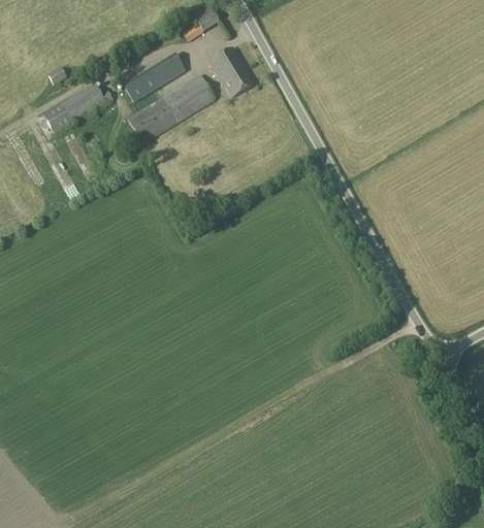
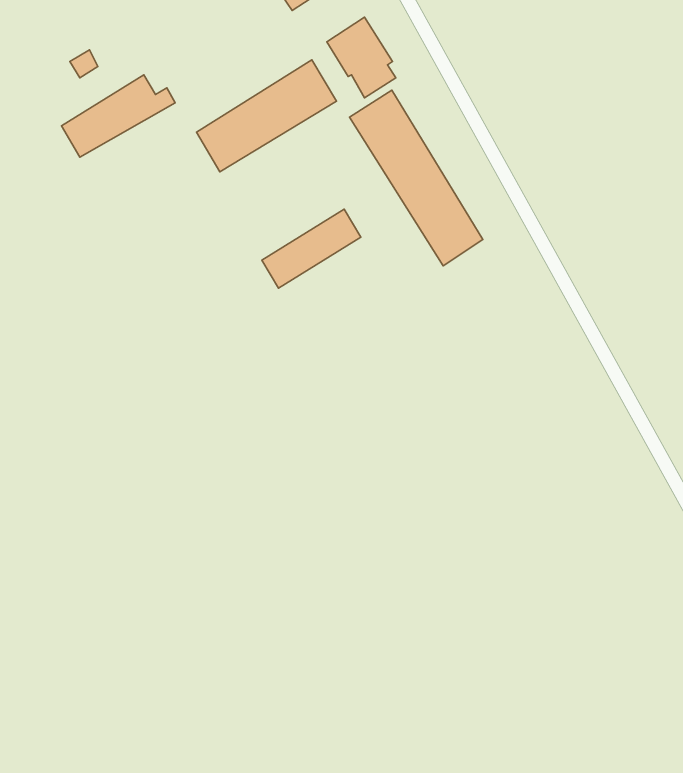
building: [124,54,186,103] -> [262,209,361,288]
building: none -> [349,90,483,266]

